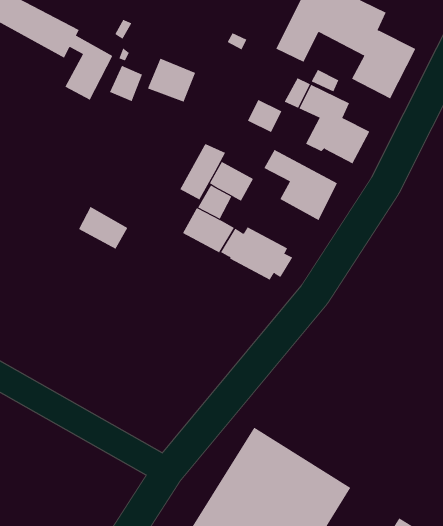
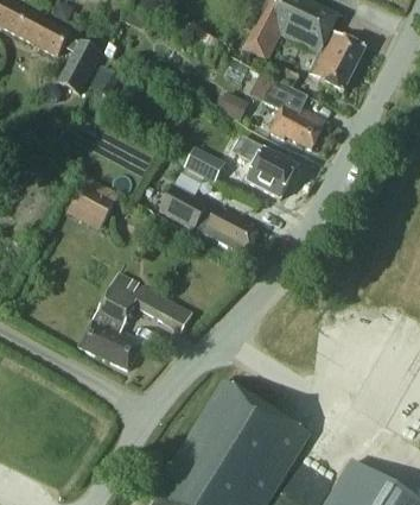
building: [147,58,196,102] -> none
building: [179,142,226,201] -> none
building: none -> [78,272,192,368]

